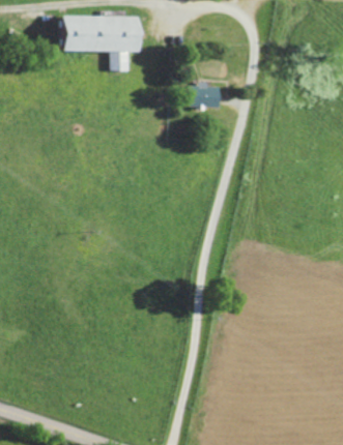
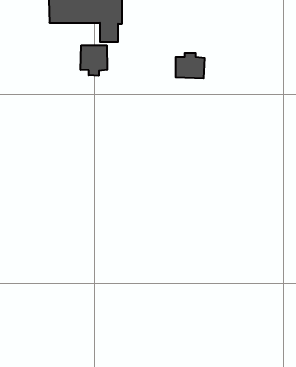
building: none -> [81,45,107,76]

